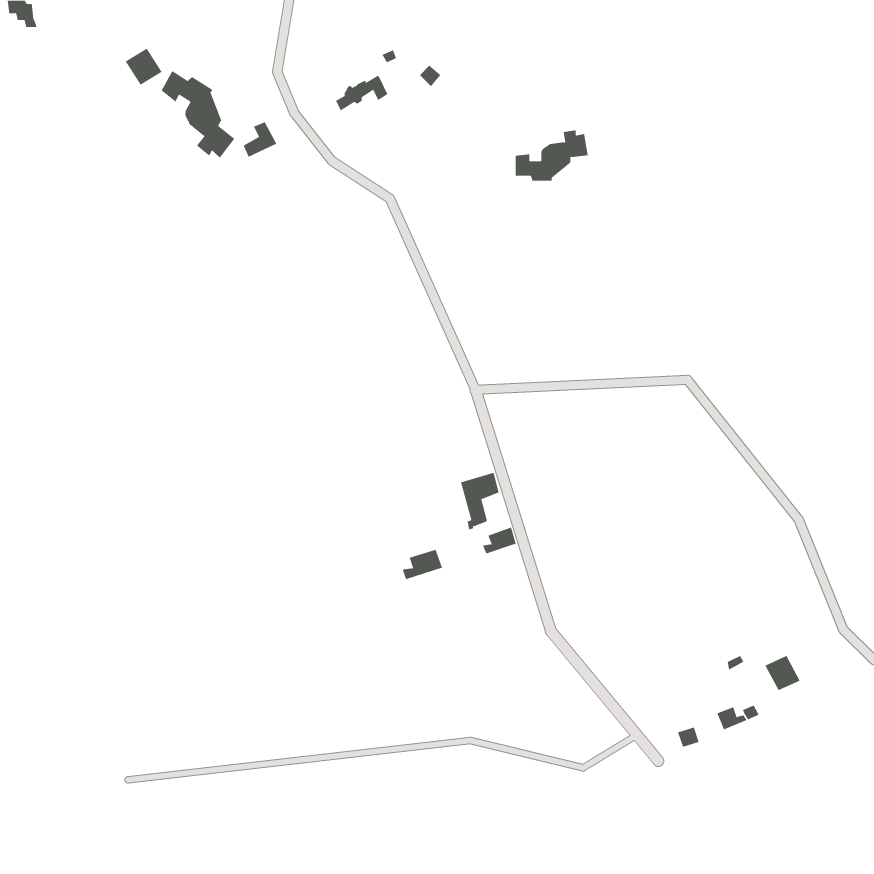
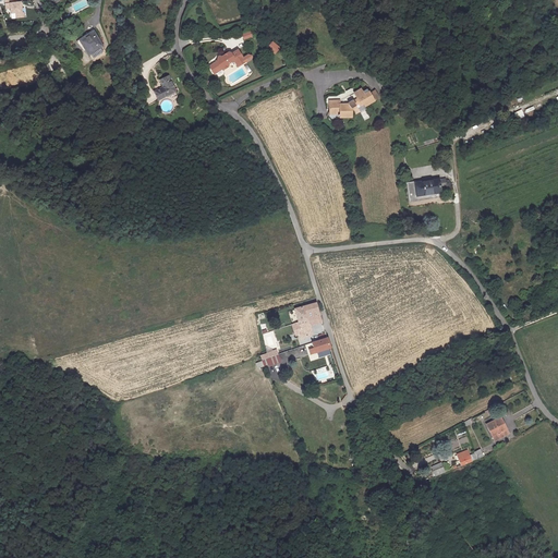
building: [161,70,235,158] -> none
building: none -> [408,182,448,199]

